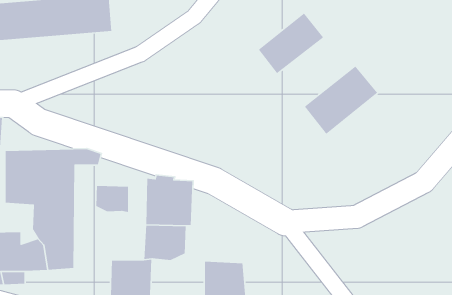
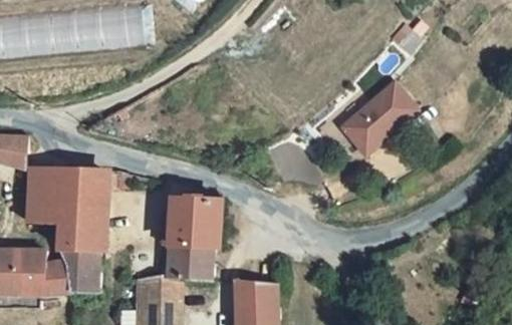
building: [258,13,324,74] -> none
building: [96,185,129,213] -> none

